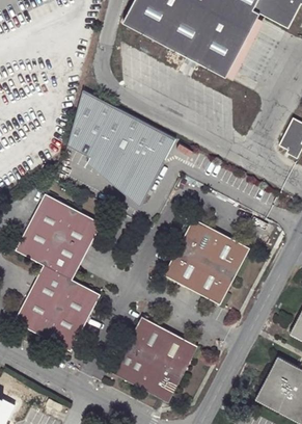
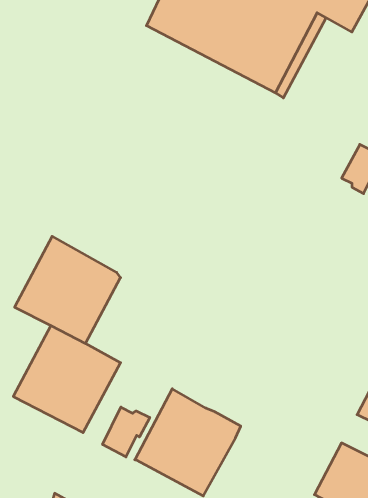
building: [65,90,173,207] -> none
building: [163,218,248,303] -> none
building: none -> [103,407,150,457]

